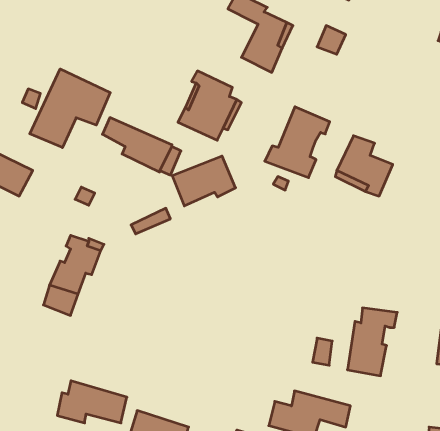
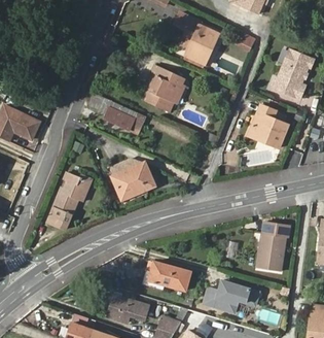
building: [30,69,110,148] -> none
building: [265,107,330,178] -> [272,50,316,99]
building: [172,156,236,206] -> [109,164,152,198]
building: [57,381,127,423] -> [143,261,190,290]

